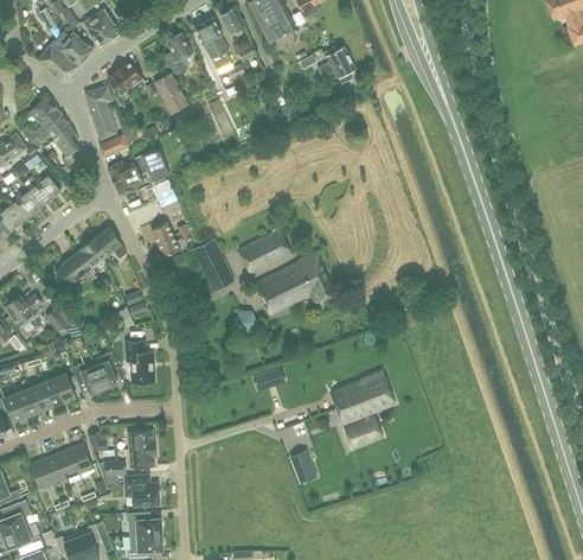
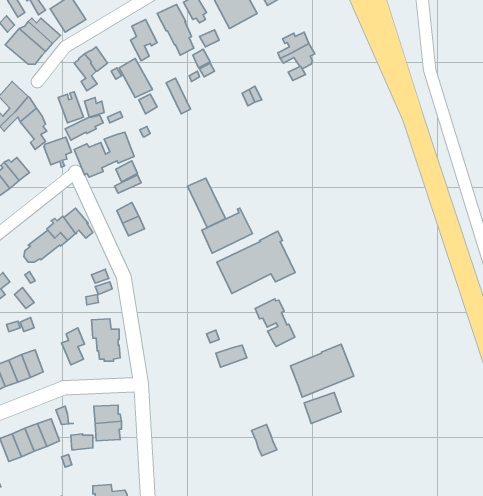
building: [84,84,113,115] -> [44,137,72,167]
building: [194,240,233,291] -> [188,178,225,228]
building: none -> [255,299,295,347]
building: [72,362,104,393] -> none
building: [126,475,161,505] -> none

